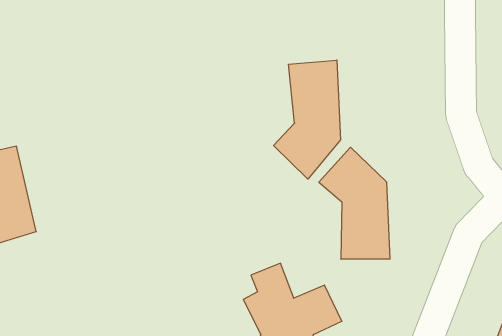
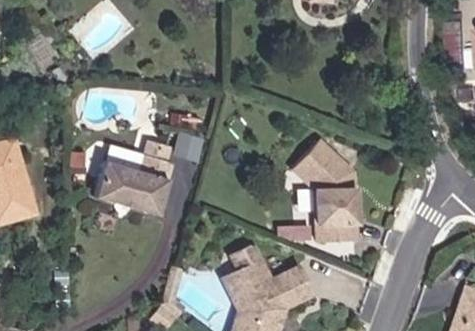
building: [274,60,340,179] -> none
building: none -> [98,142,173,215]

